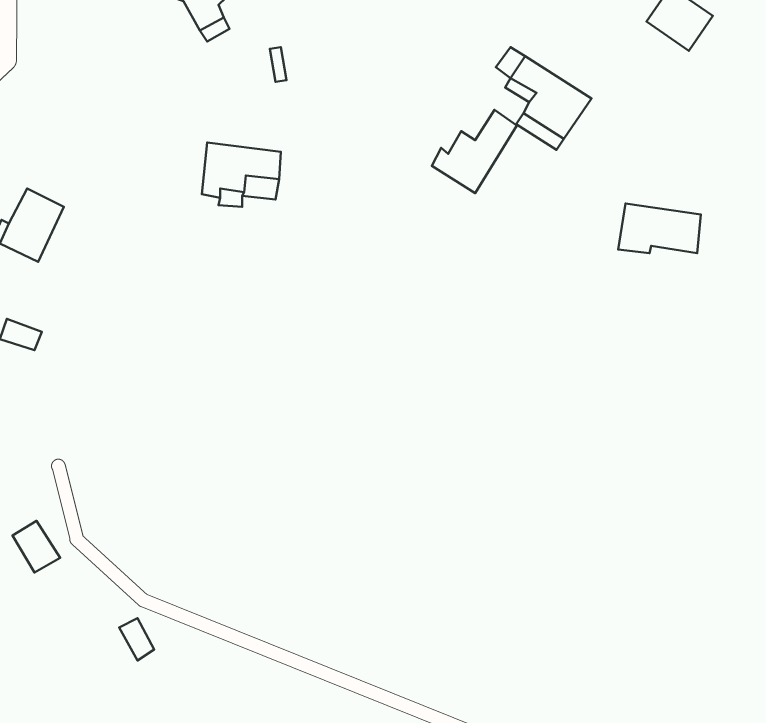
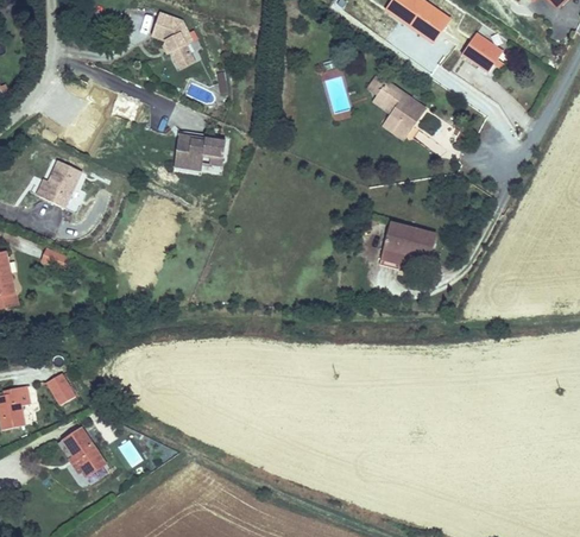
building: [432,110,517,193] -> none
building: [618,203,701,253] -> [382,220,435,252]
building: none -> [58,434,105,484]

